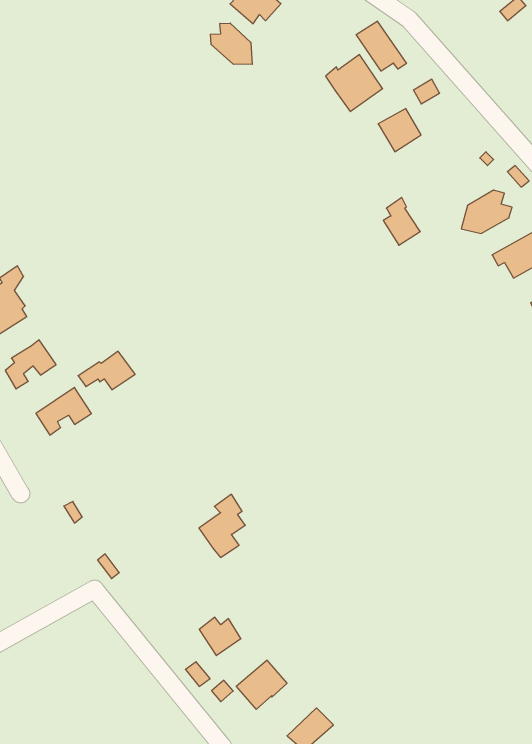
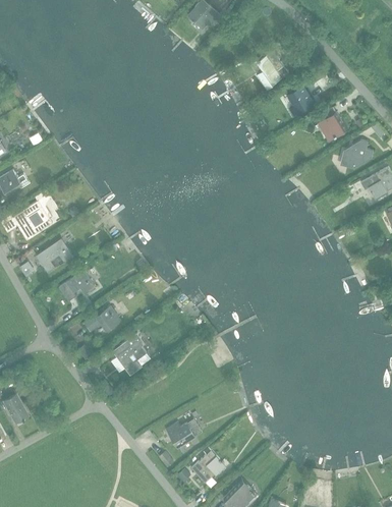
building: [356,21,406,71] -> none
building: [210,23,252,64] -> none
building: [383,197,420,245] -> [320,107,344,138]
building: [78,351,135,390] -> [82,305,120,331]
building: [199,494,245,557] -> [115,333,146,375]

